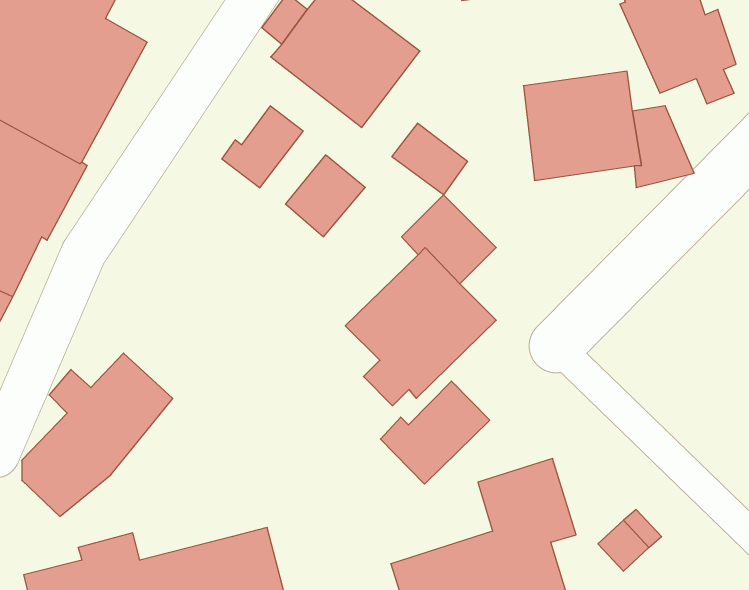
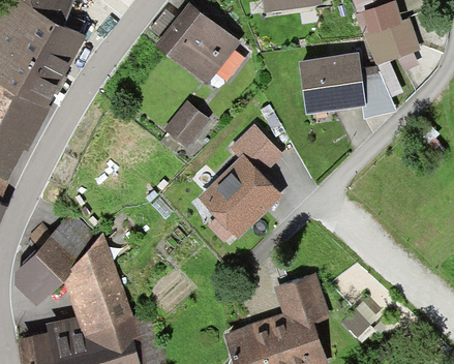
building: [222,106,303,188] -> none
building: [392,123,468,195] -> none
building: [380,381,490,484] -> none
building: none -> [64,233,133,331]

